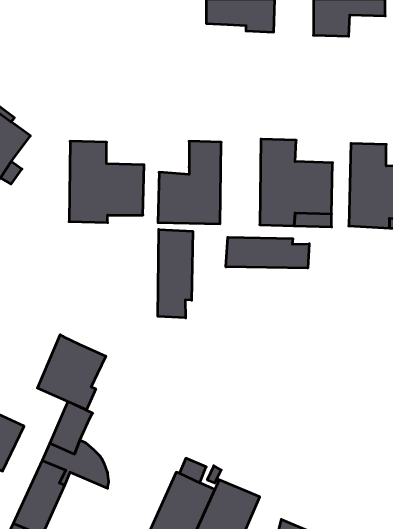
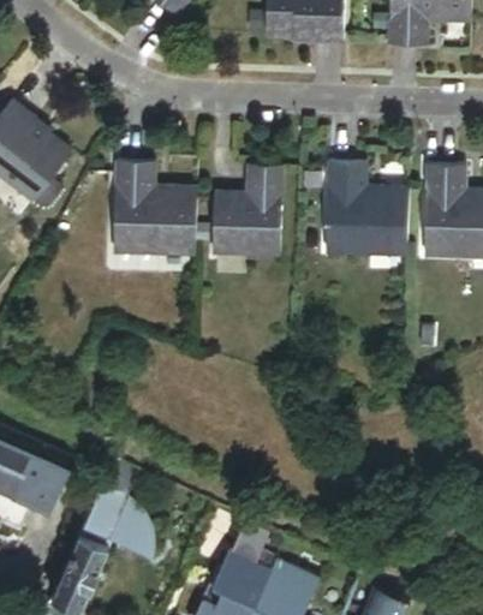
building: [158,229,193,318] -> none
building: [226,237,309,268] -> none
building: [37,335,106,410] -> none

